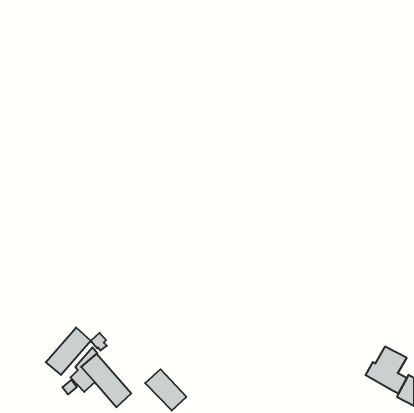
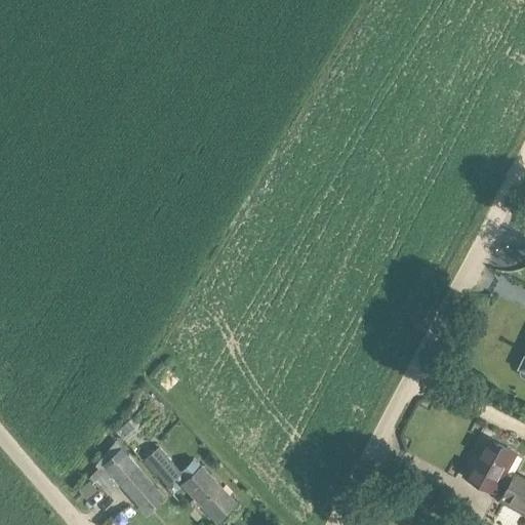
building: [46,327,91,375] -> none
building: none -> [146,447,181,486]

